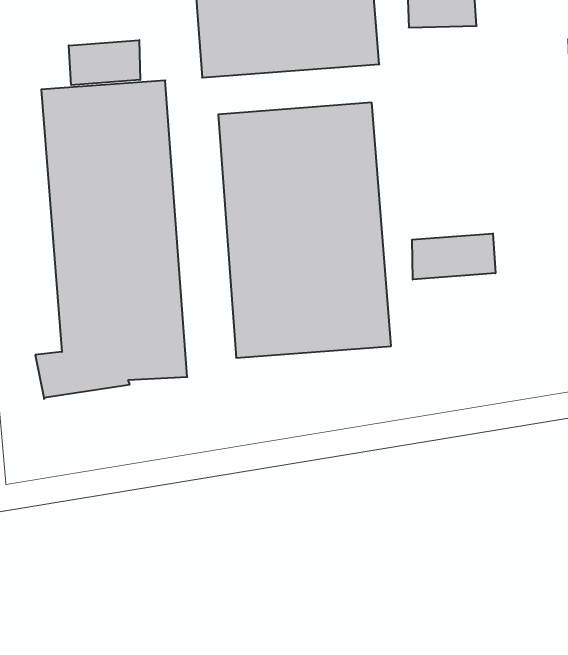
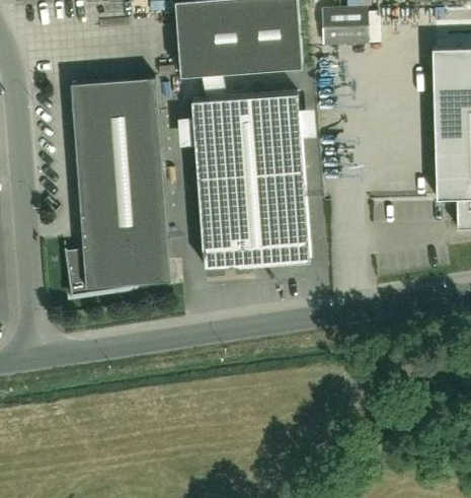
building: [69,40,140,85] -> none
building: [412,233,495,280] -> none

